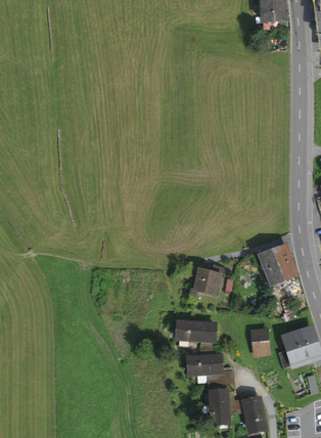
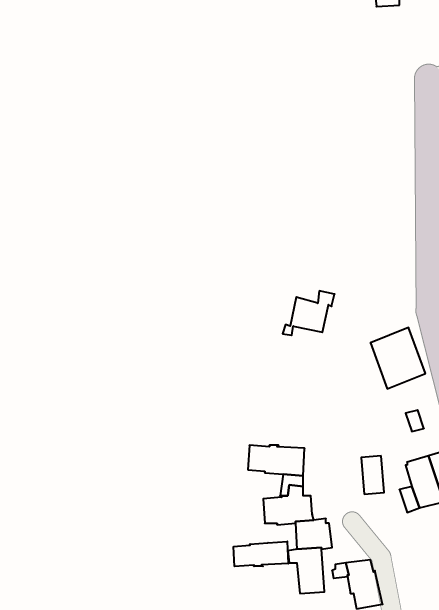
building: [190,266,225,296] -> [283,291,335,335]
building: none -> [234,541,288,566]

